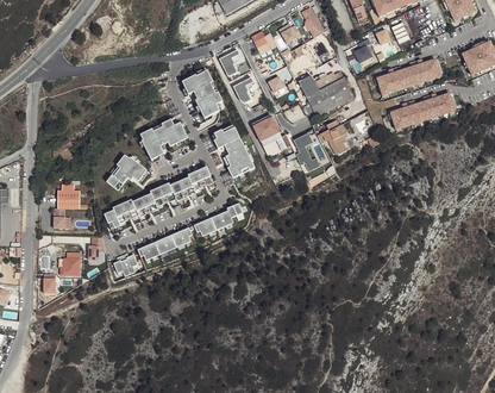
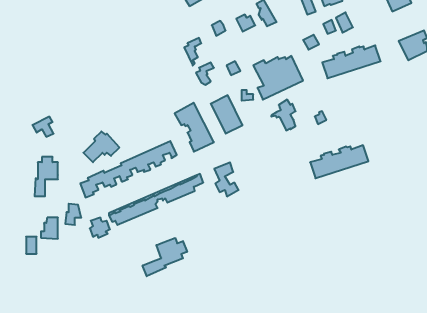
building: [182,70,223,118] -> none
building: [390,93,456,130] -> [310,145,368,178]
building: [140,119,188,162] -> none
building: [294,131,321,169] -> [214,162,239,196]
building: none -> [143,238,187,276]

